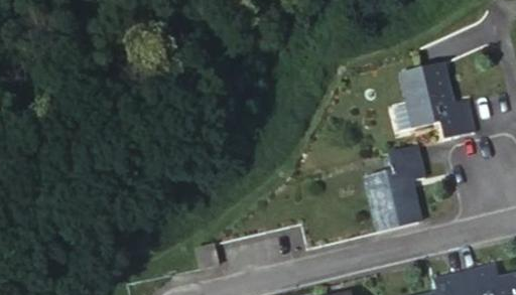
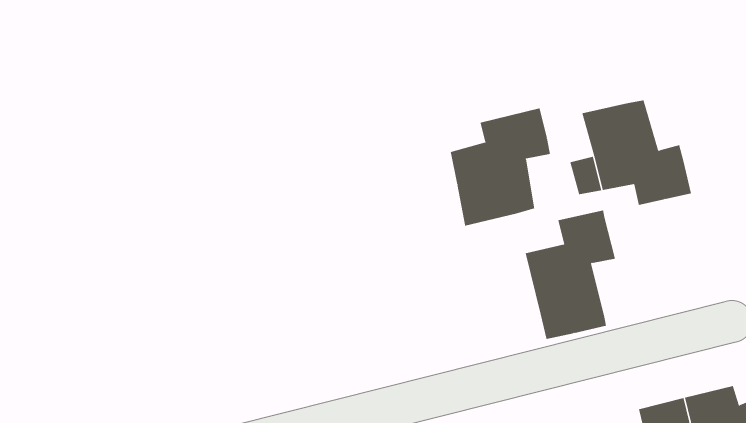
building: none -> [450,107,550,227]

